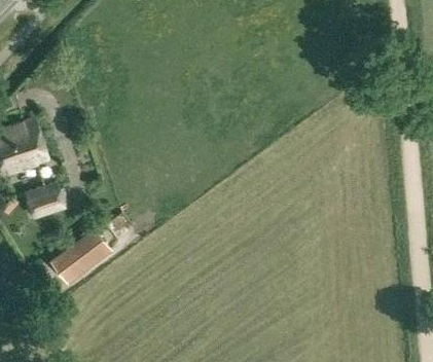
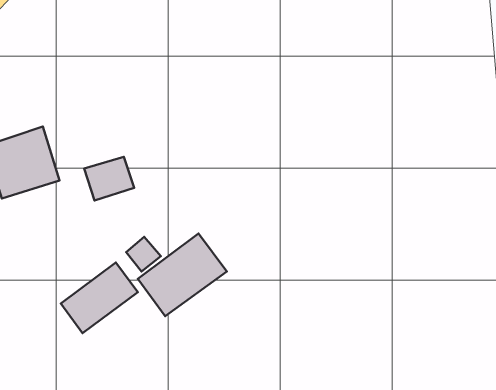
building: [25,183,65,218] -> [84,157,134,201]
building: none -> [138,234,227,316]

